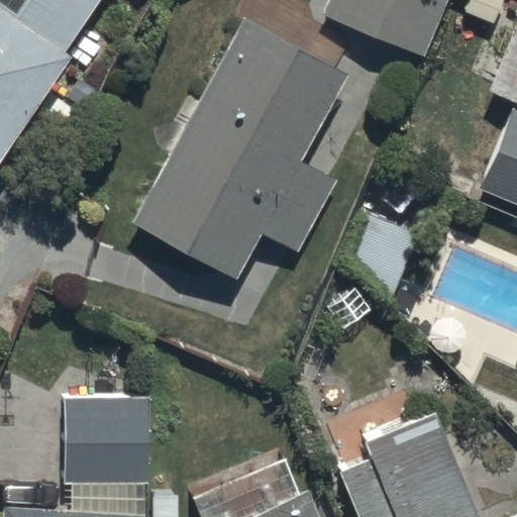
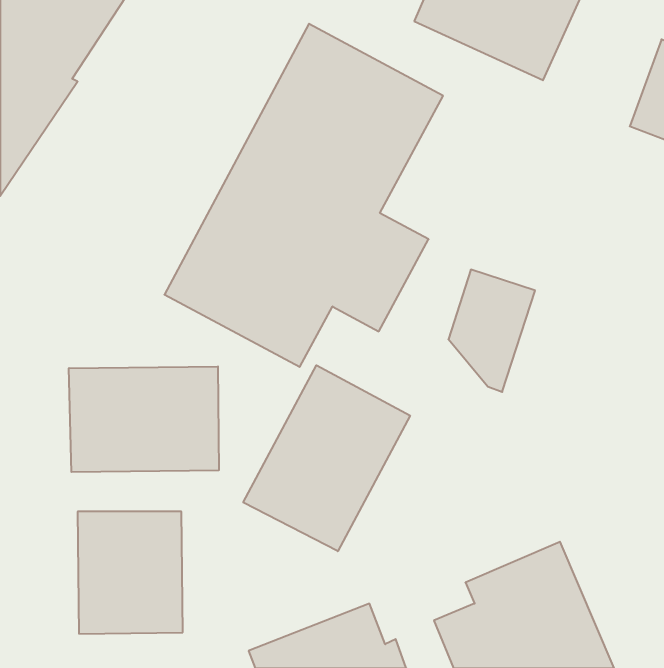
building: none -> [243,365,410,551]
building: none -> [69,366,219,472]

